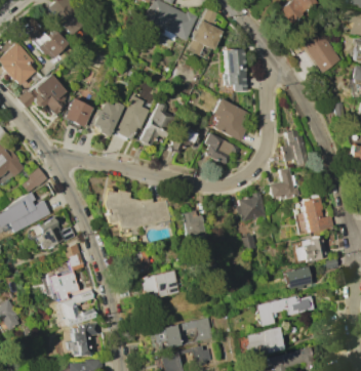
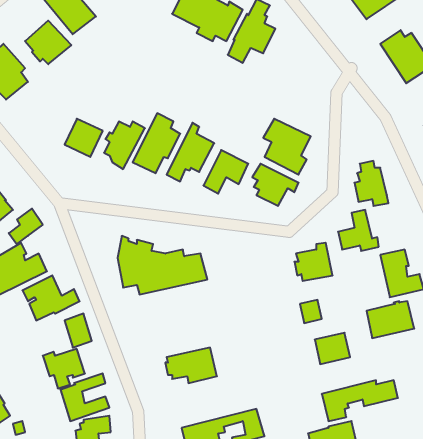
building: [223,49,247,91] -> none
building: [19,75,66,116] -> none
building: [182,211,206,247] -> none
building: [285,266,312,290] -> [315,333,350,364]

